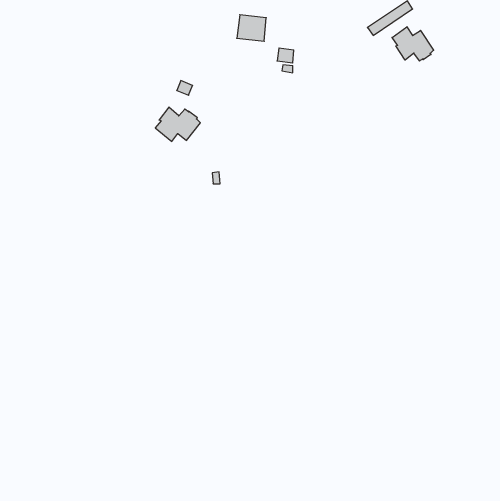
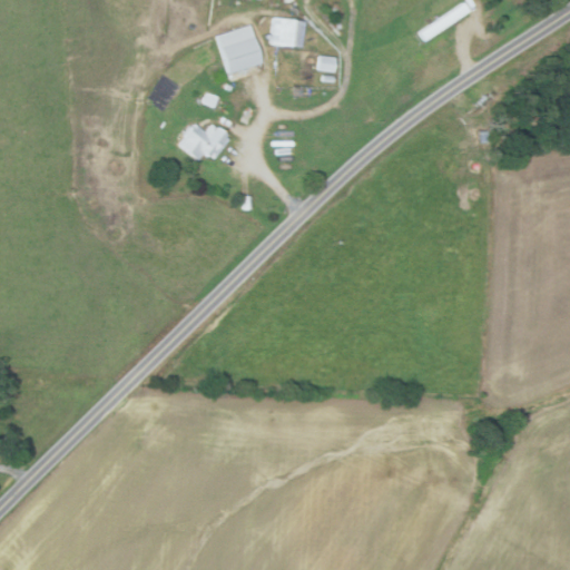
building: none -> [216,24,262,73]
building: [392,27,434,61] -> none

